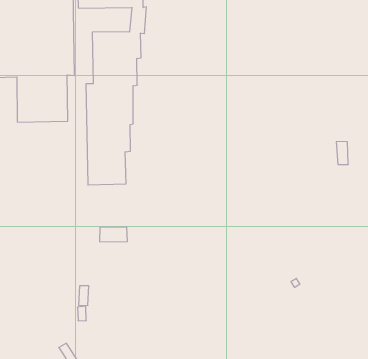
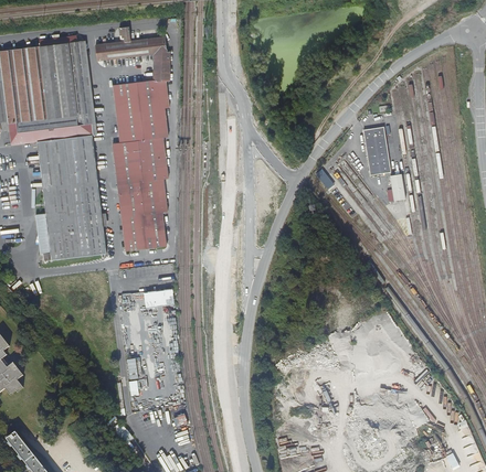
building: none -> [361,126,389,174]
building: none -> [36,182,106,260]

